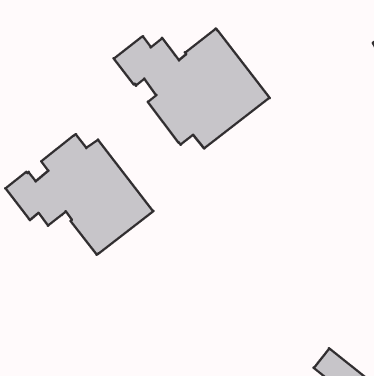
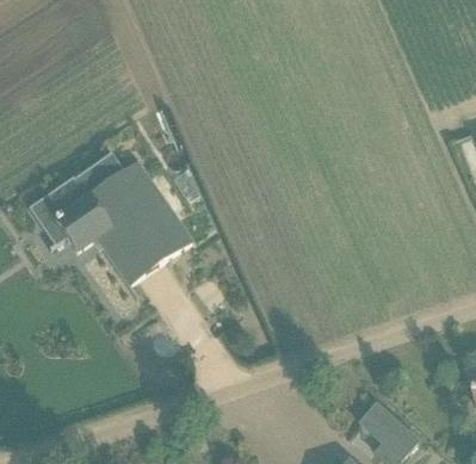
building: [114,29,270,148] -> none

